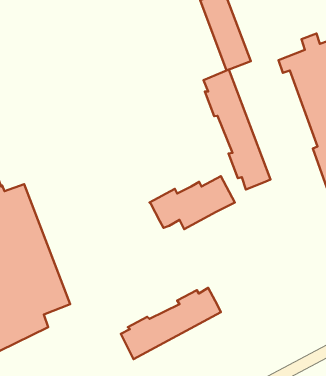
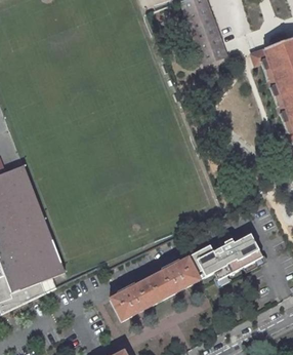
building: [204,70,271,189] -> none
building: [150,176,235,229] -> [186,233,262,280]

